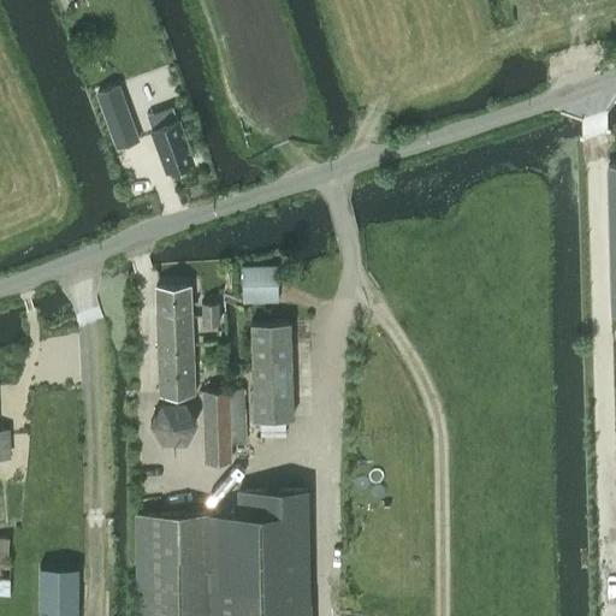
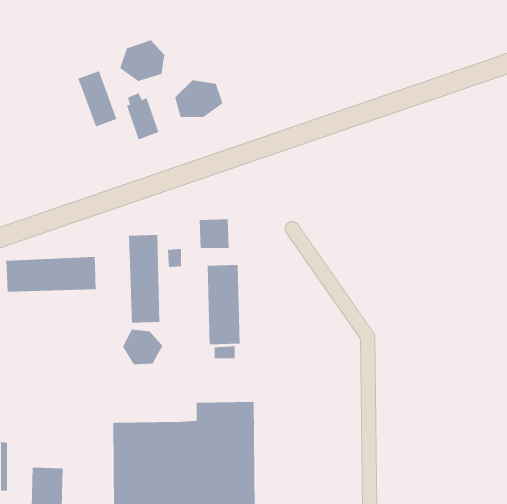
building: none -> [119,39,165,82]
building: none -> [174,80,223,118]
building: none -> [6,256,96,293]
building: [205,391,247,466] -> none

